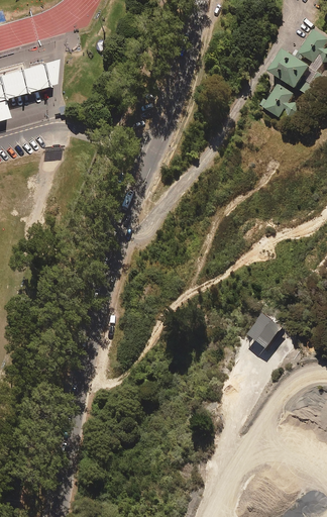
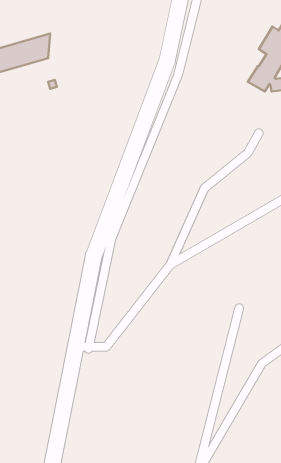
building: [245,313,282,349] -> none

